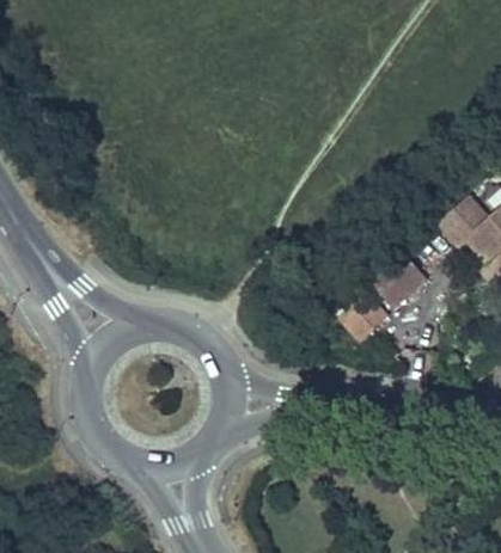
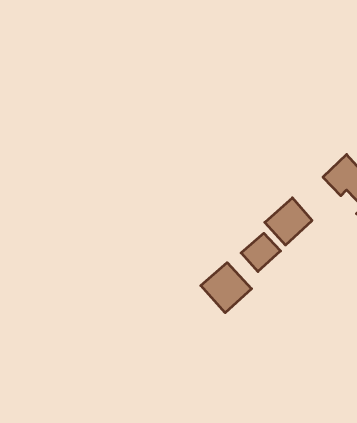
building: none -> [201,263,252,313]

